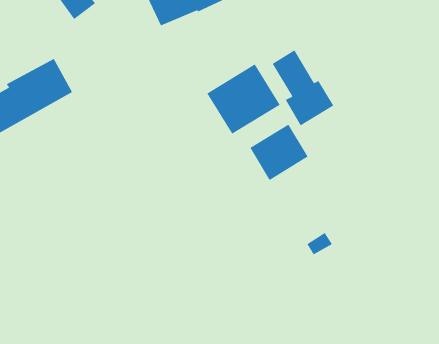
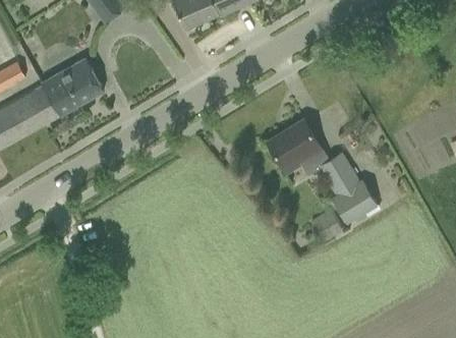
building: [272,50,334,126] -> [319,152,377,223]
building: [206,64,281,135] -> none

